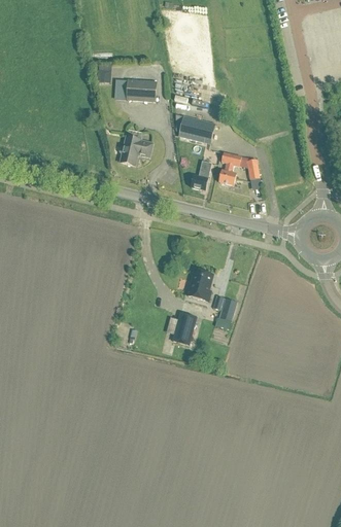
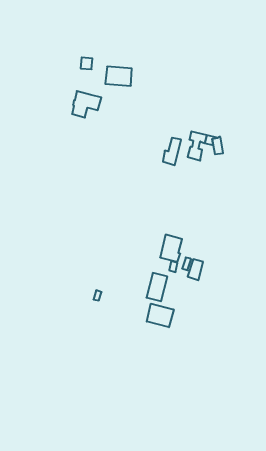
building: [178,115,213,143] -> none
building: [120,135,152,165] -> [72,91,101,118]
building: none -> [147,304,174,327]

